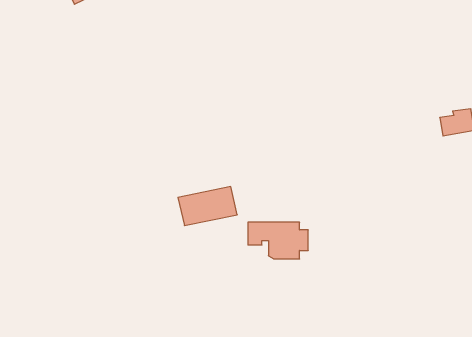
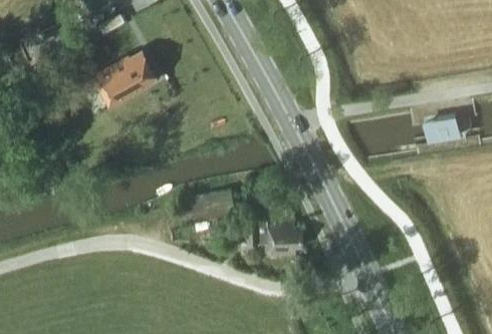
building: none -> [94,50,160,106]

